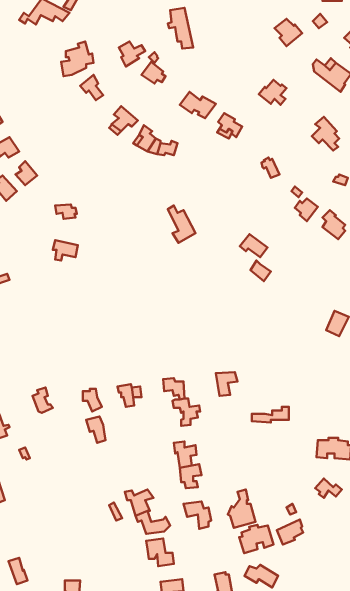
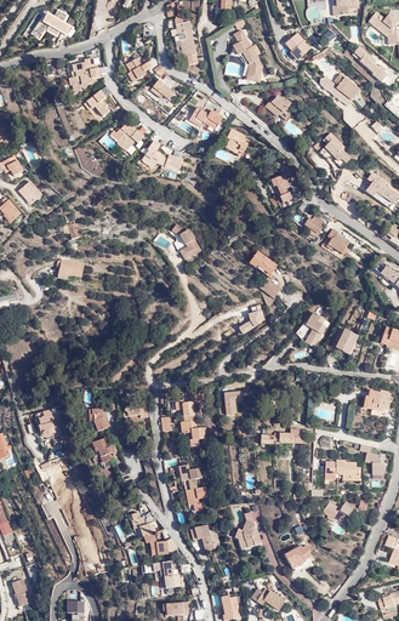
building: none -> [234,29,262,81]
building: none -> [295,312,325,347]
building: [239,525,273,553] -> none

